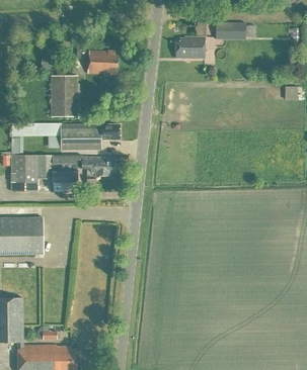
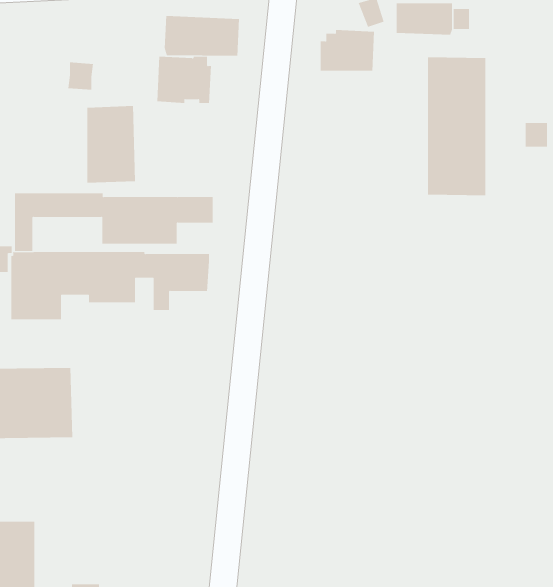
building: none -> [164,15,240,56]
building: none -> [428,57,486,196]

